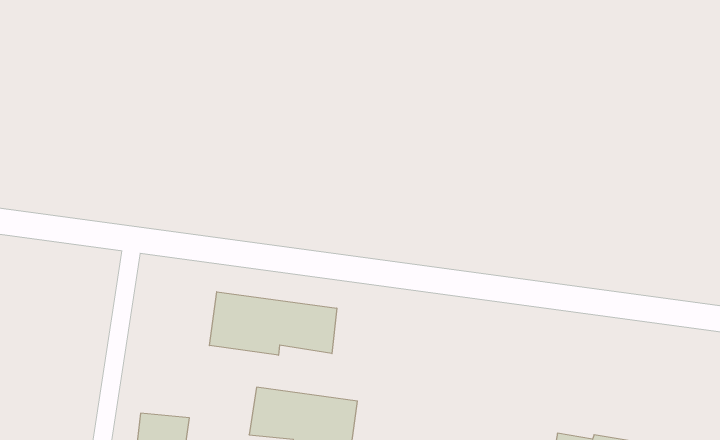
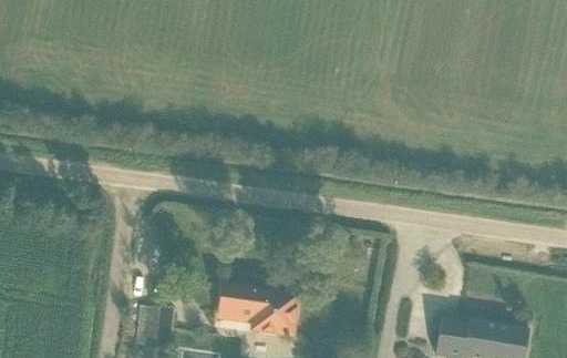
building: [209,292,337,355] -> none

